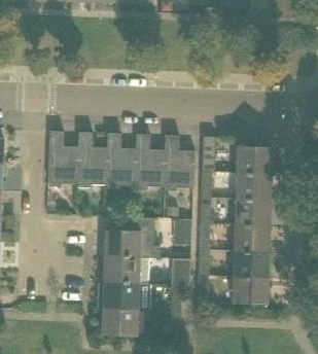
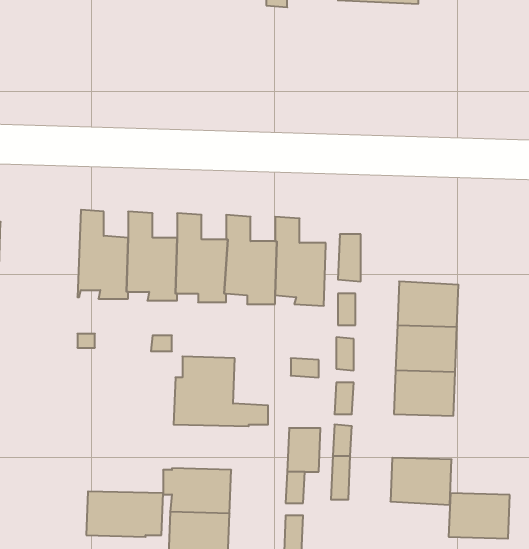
building: [238,145,274,174] -> none
building: [234,250,270,277] -> [449,493,510,539]
building: [104,256,149,283] -> [86,491,163,537]

